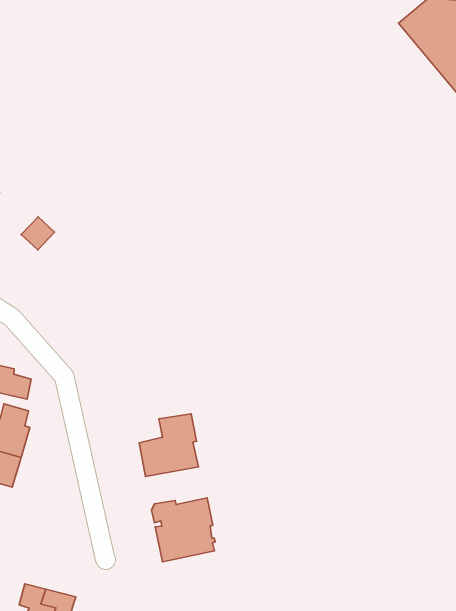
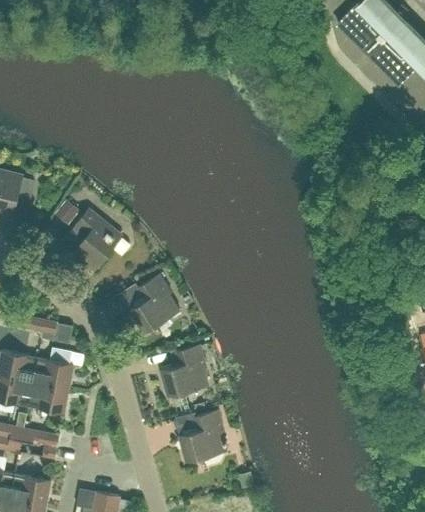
building: none -> [62,210,129,269]
building: none -> [129,273,179,333]

